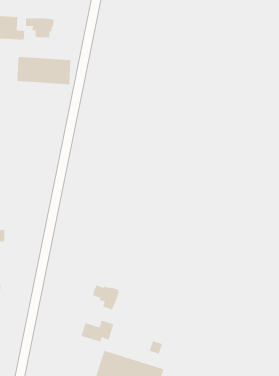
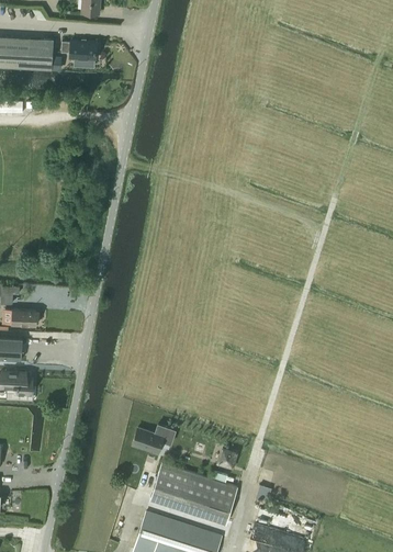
building: [17,56,71,85] -> none
building: [93,285,120,310] -> none

